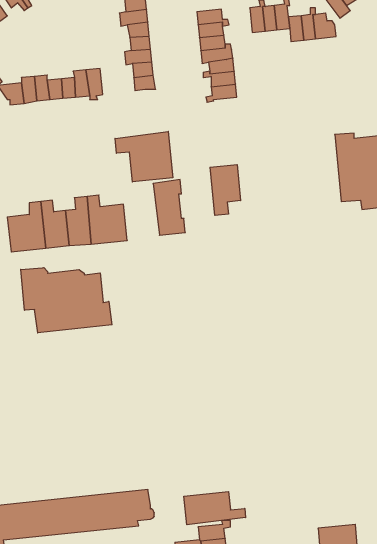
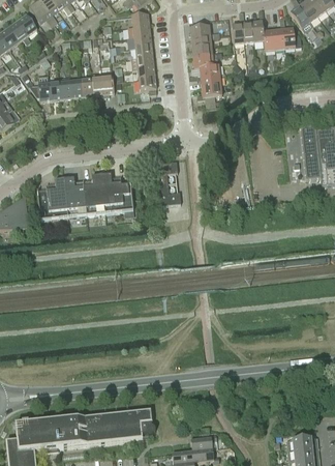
building: [115,131,173,182] -> none
building: [210,165,241,215] -> none
building: [21,268,112,333] -> none
building: [184,492,246,525] -> none

